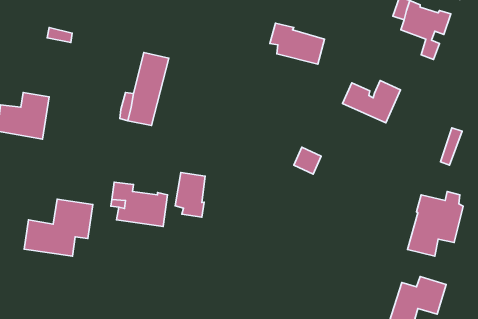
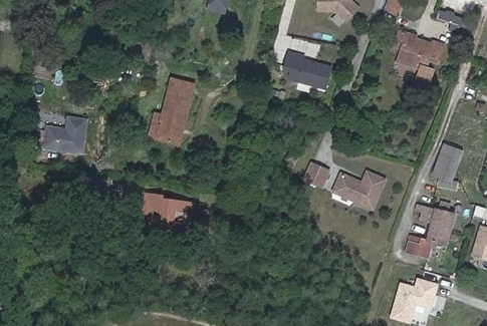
building: [343,81,401,123] -> [333,171,385,208]
building: [175,173,205,217] -> none
building: [24,199,93,256] -> none

